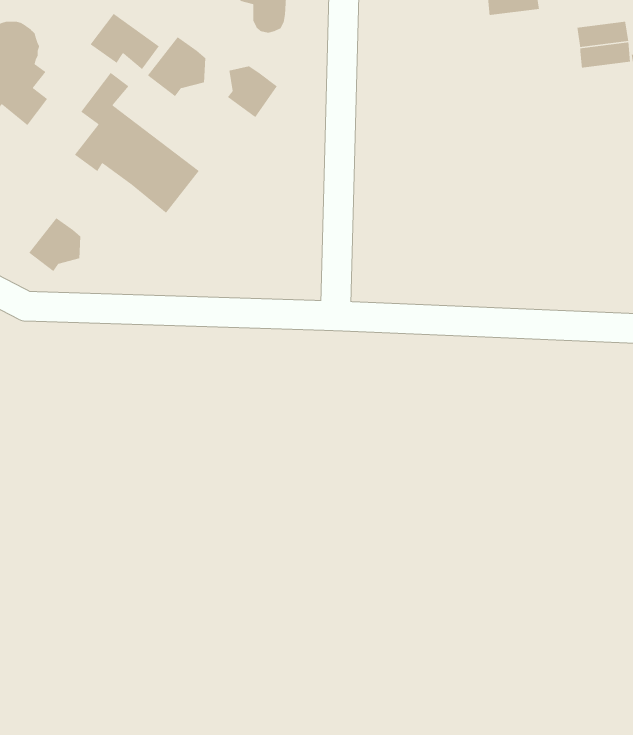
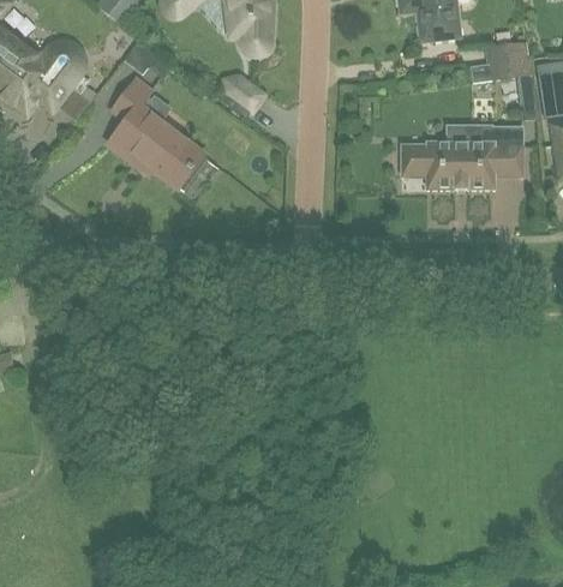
building: [147,36,206,97] -> none
building: none -> [400,125,521,187]
building: [28,217,81,272] -> none

